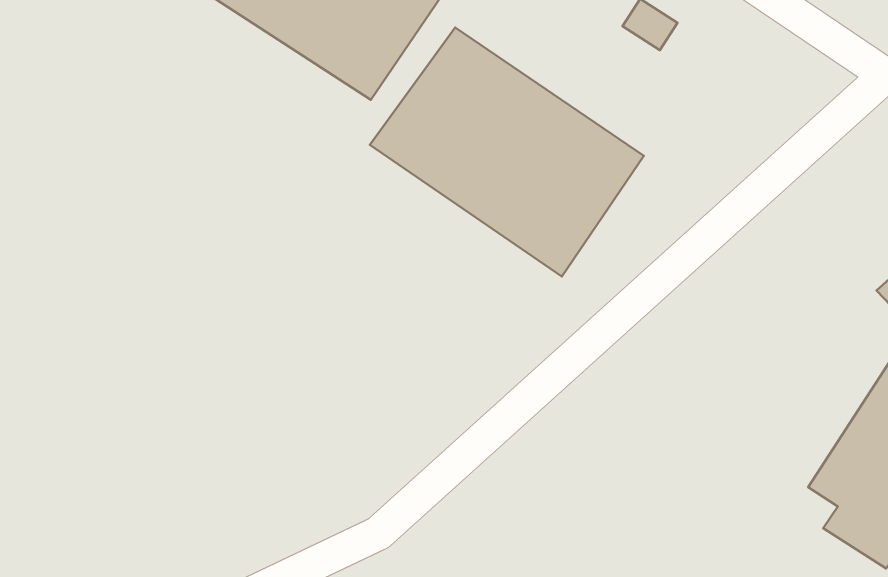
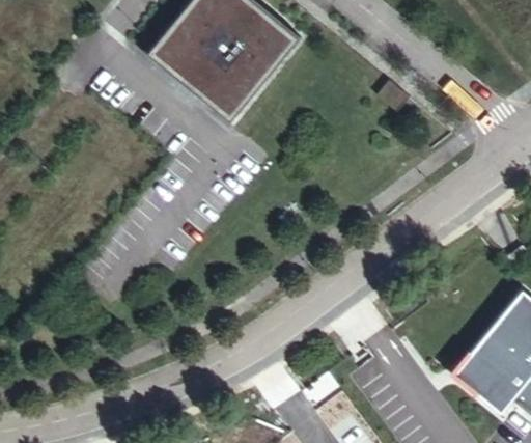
building: [370,28,644,276] -> none

